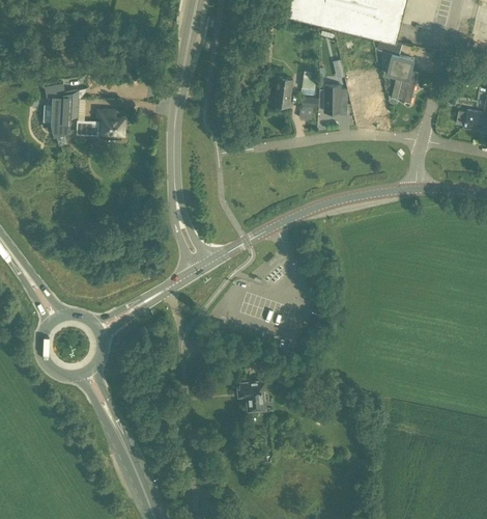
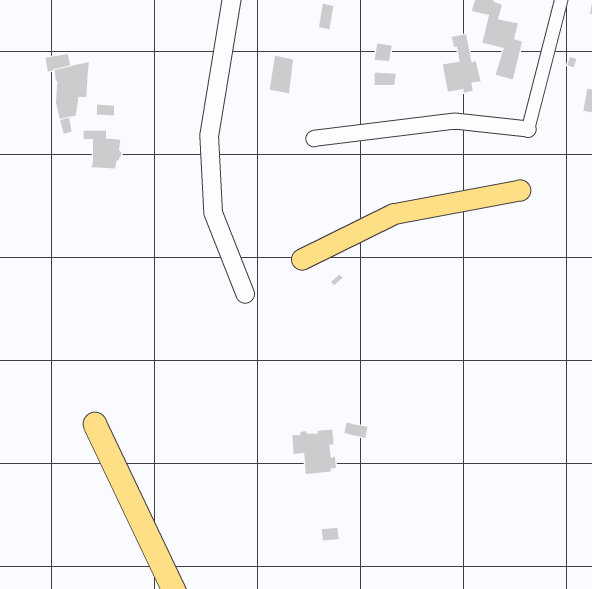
building: [270,76,290,106] -> [269,55,294,94]
building: [322,84,345,111] -> none
building: [93,109,124,139] -> [83,130,123,169]

